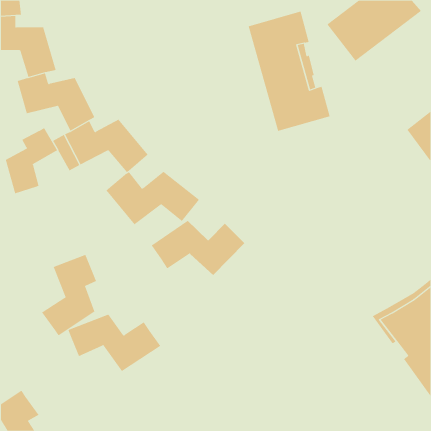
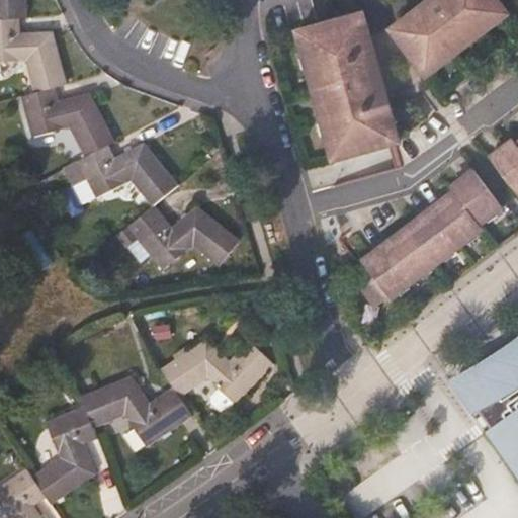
building: [5,127,58,194] -> none
building: none -> [361,168,500,305]
building: [151,220,245,276] -> [161,338,274,405]
building: [41,254,97,336] -> [31,406,98,504]

